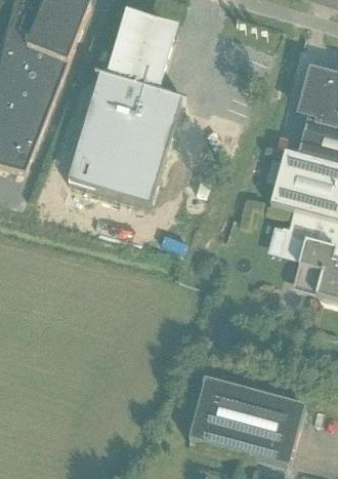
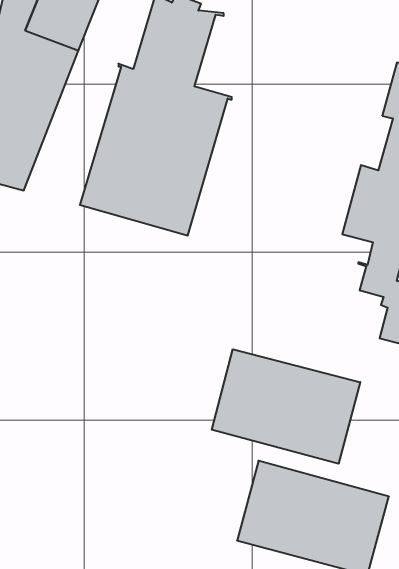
building: none -> [212,349,360,464]

